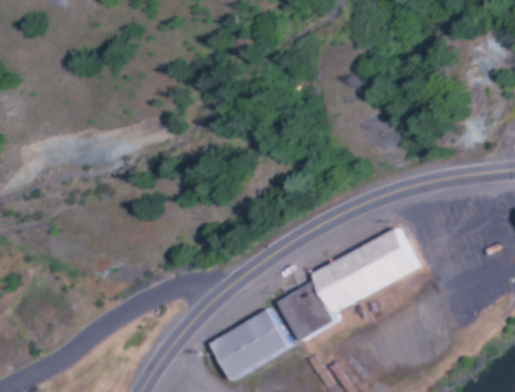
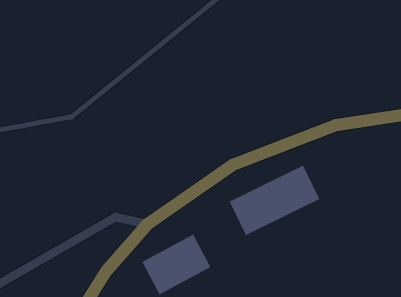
building: [276,282,332,342] -> none

